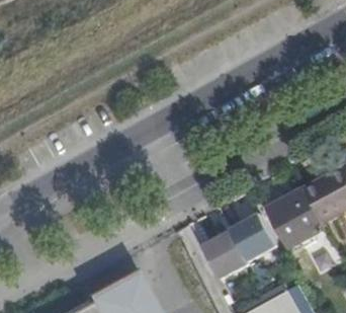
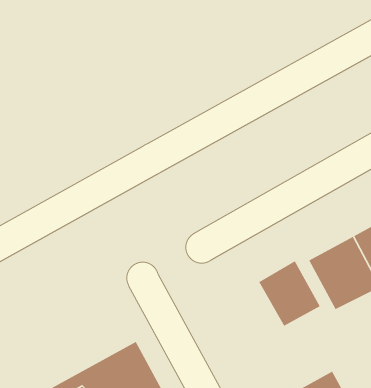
building: [202,228,251,279] -> none

